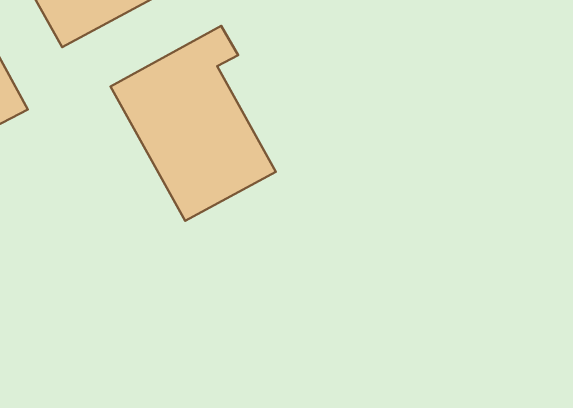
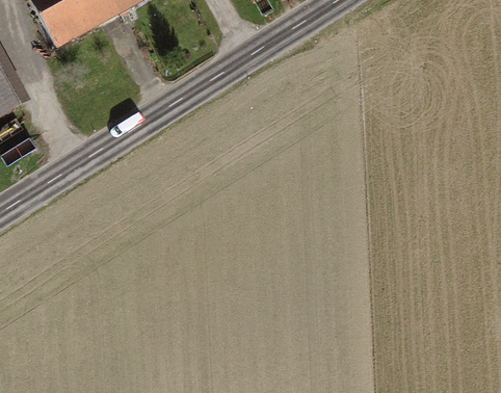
building: [110,26,276,221] -> none

